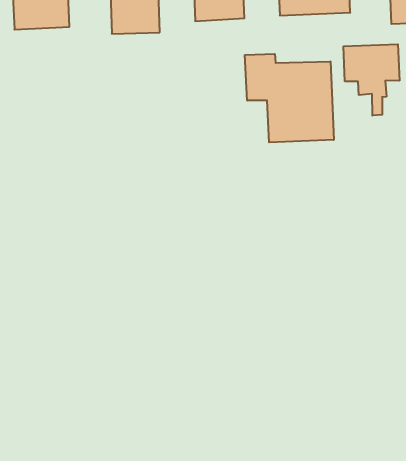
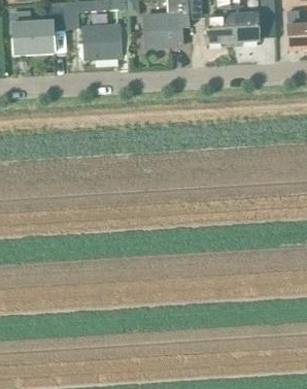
building: [344,44,399,116] -> none
building: [245,54,334,142] -> none

